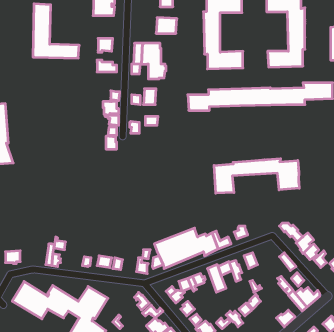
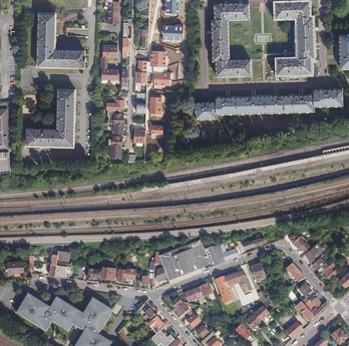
building: none -> [26,89,74,146]
building: [214,159,299,193] -> none

